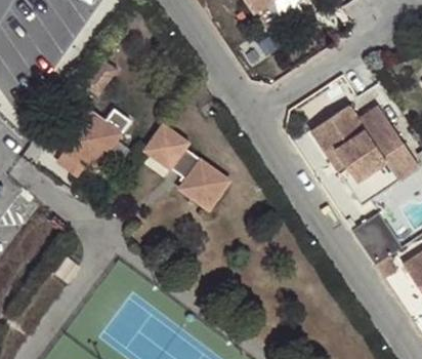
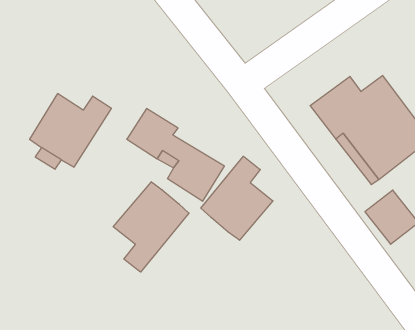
building: none -> [201,156,273,240]
building: none -> [113,182,189,272]

